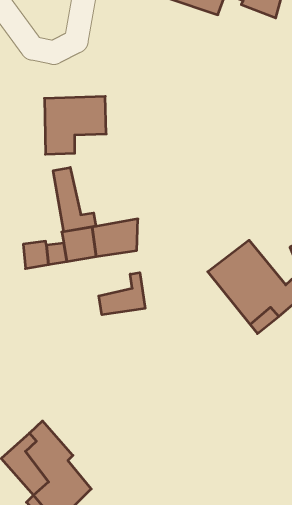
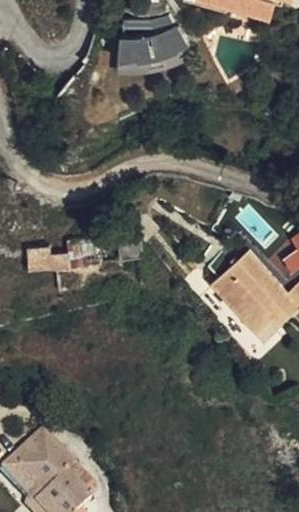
building: [44,96,106,154] -> [123,16,184,73]
building: [53,167,96,232] -> none
building: [99,273,145,315] -> none

